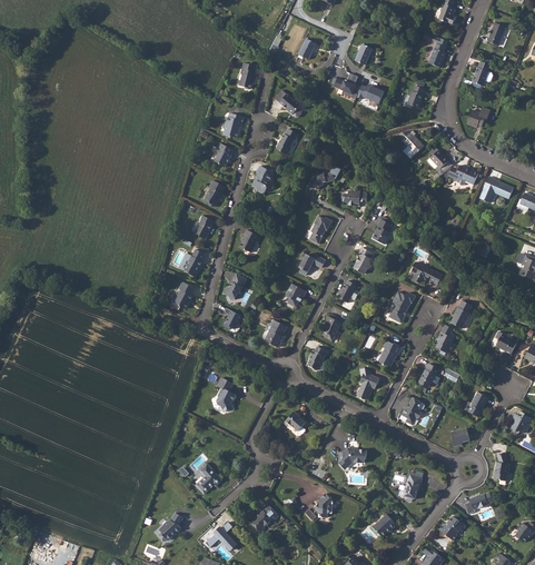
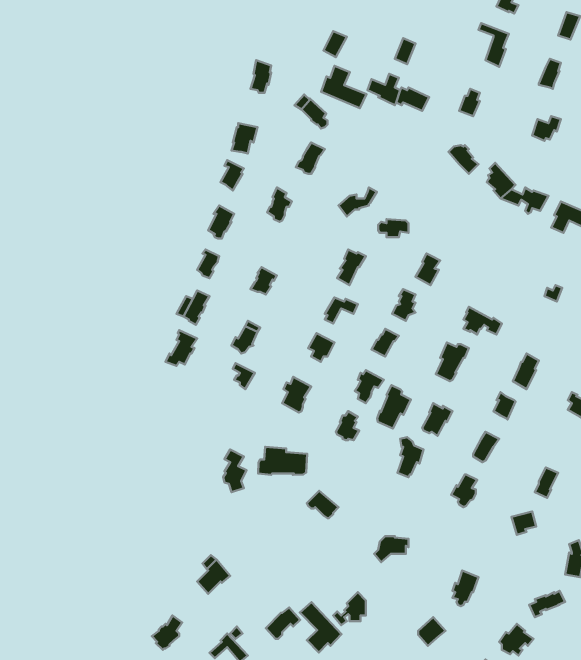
building: none -> [321,66,367,108]
building: none -> [377,385,411,429]
building: none -> [258,447,307,475]
building: none -> [300,602,342,653]

